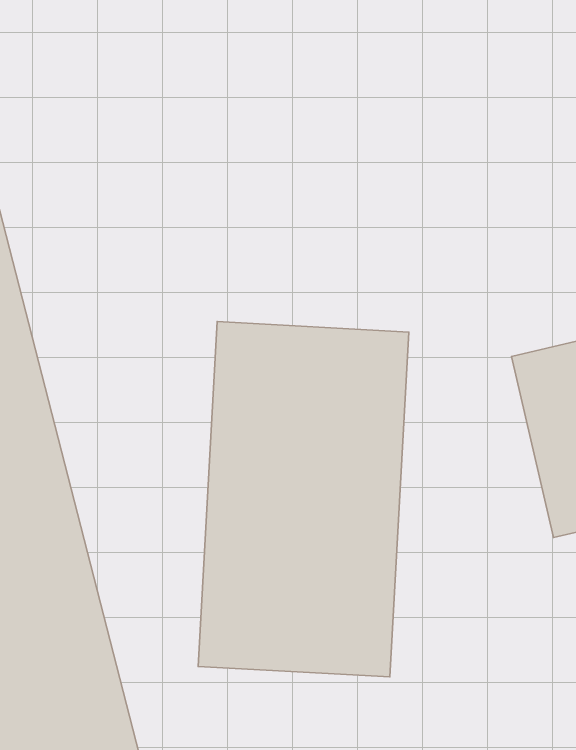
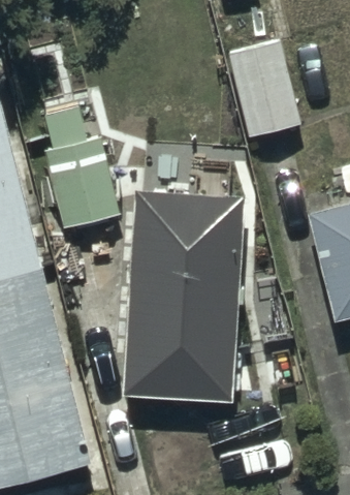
building: none -> [220,9,304,140]
building: none -> [45,109,122,231]

